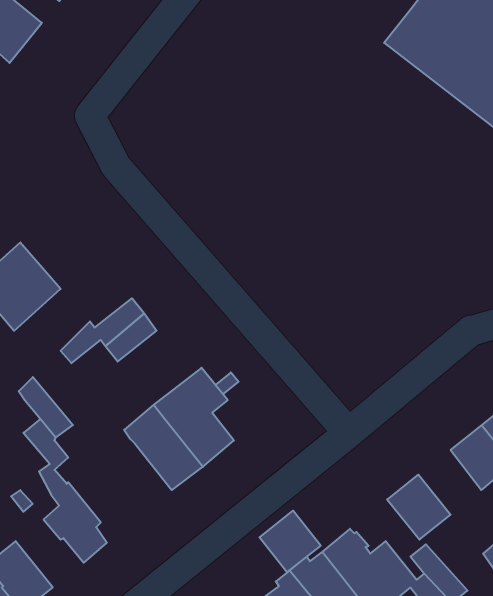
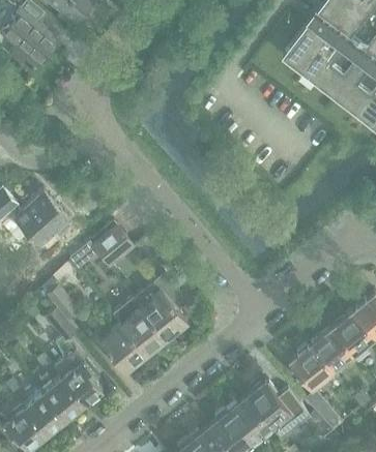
building: none -> [97,322,143,373]
building: none -> [308,329,350,372]
building: [259,511,321,572] -> none
building: none -> [38,375,84,421]

